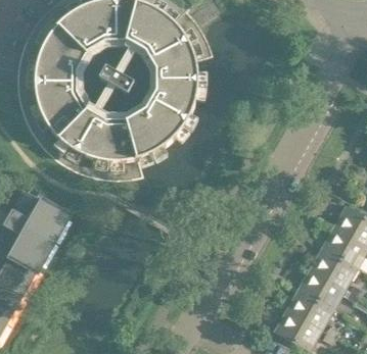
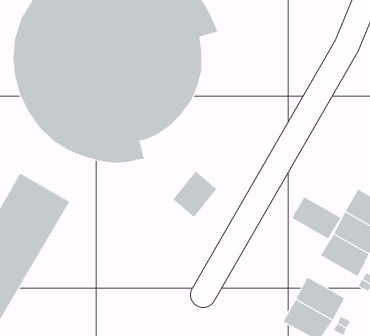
building: none -> [172,171,217,218]
building: [297,269,346,310] -> [291,196,341,239]

